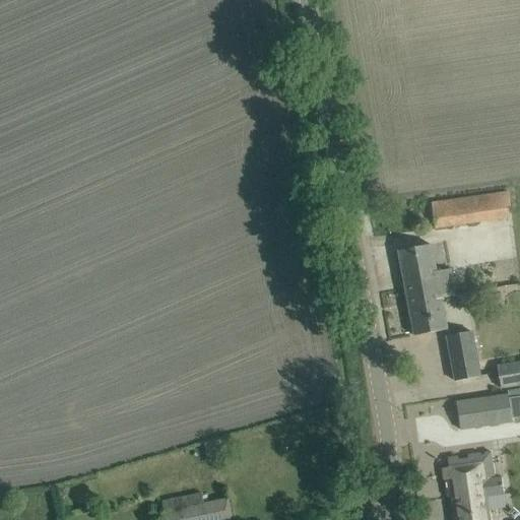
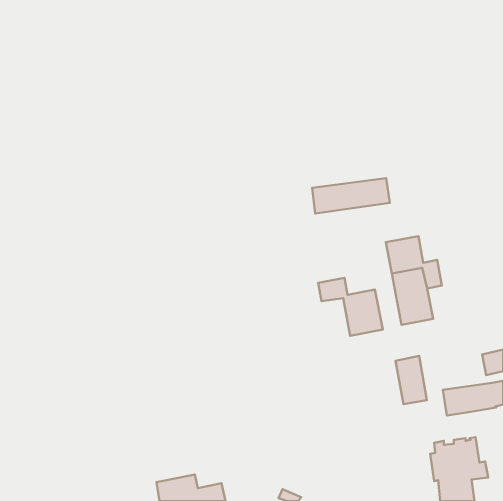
building: [432,191,512,228] -> [312,178,390,214]
building: none -> [318,278,383,336]
building: [447,330,479,380] -> [395,356,427,404]

